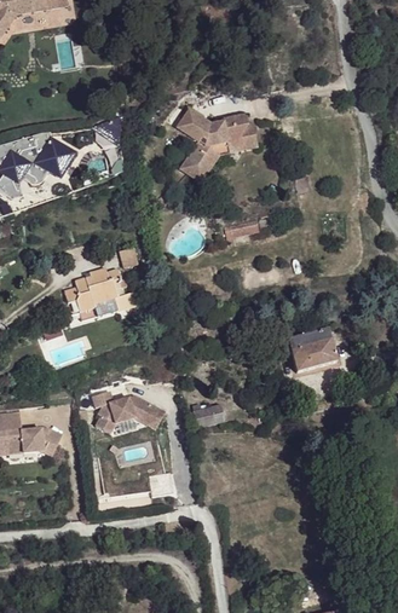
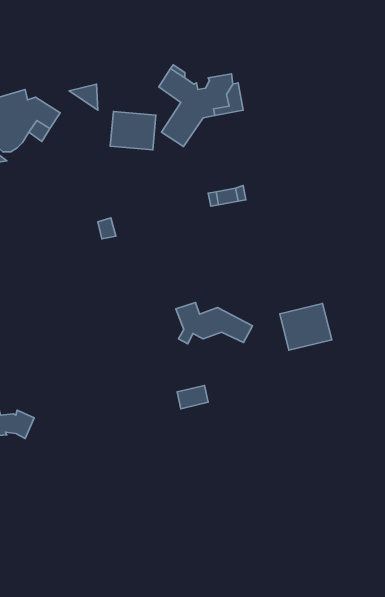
building: none -> [110,111,156,150]
building: [65,268,133,319] -> none
building: [93,391,165,429] -> [176,302,253,344]

